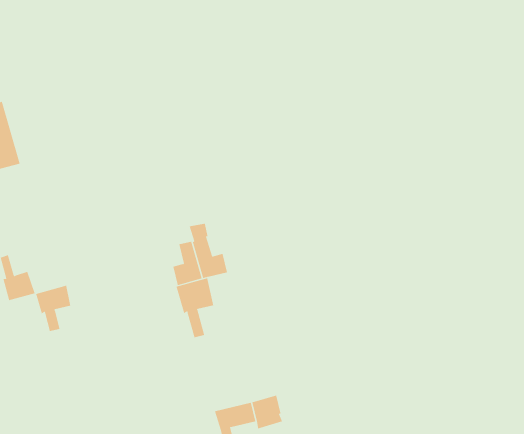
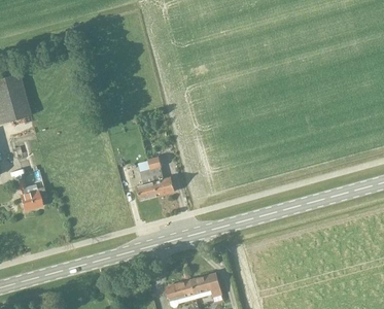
building: [176,277,214,338] -> none
building: [35,285,71,332] -> none

